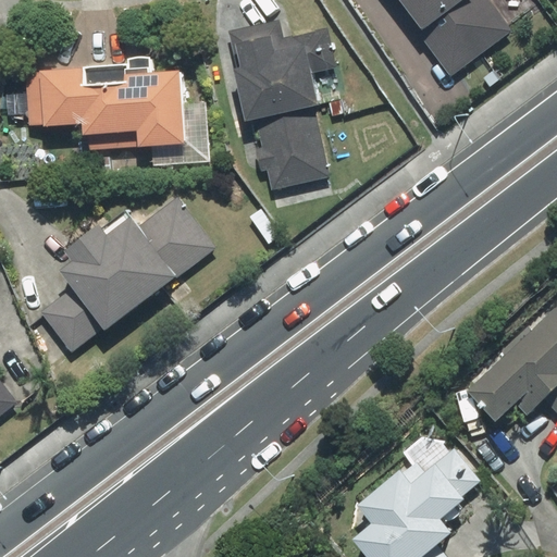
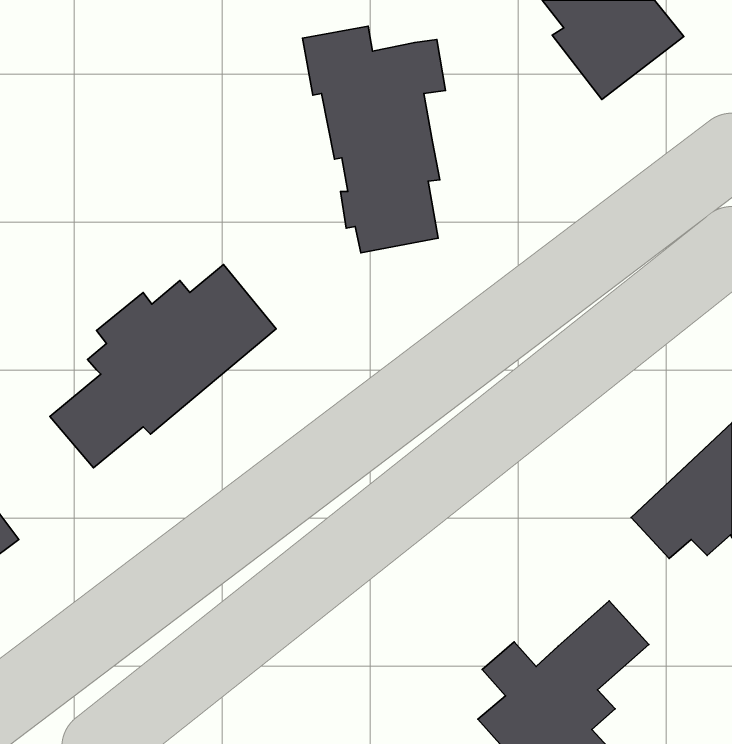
building: [26,55,188,146] -> none

